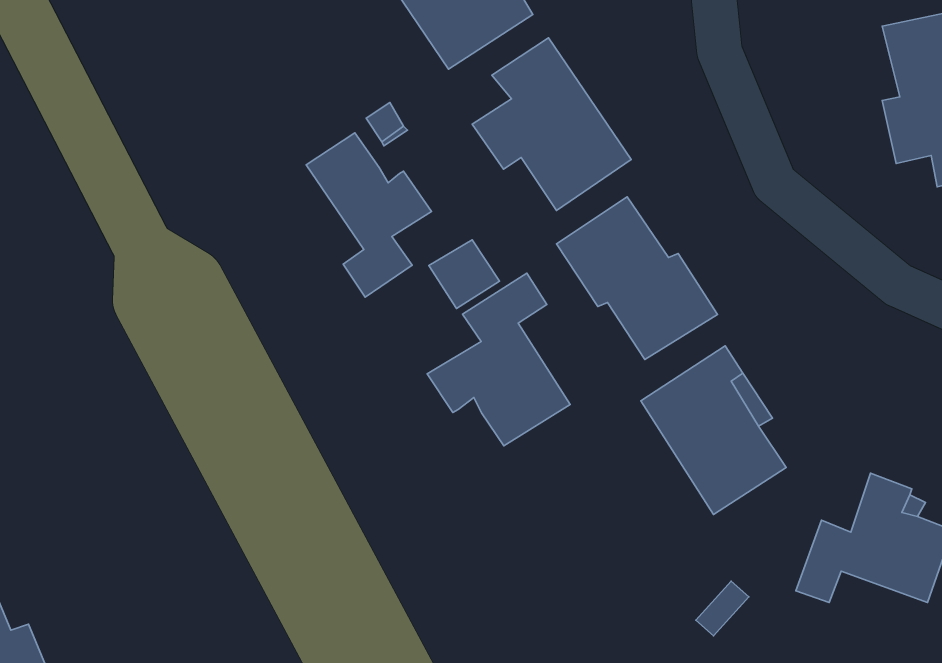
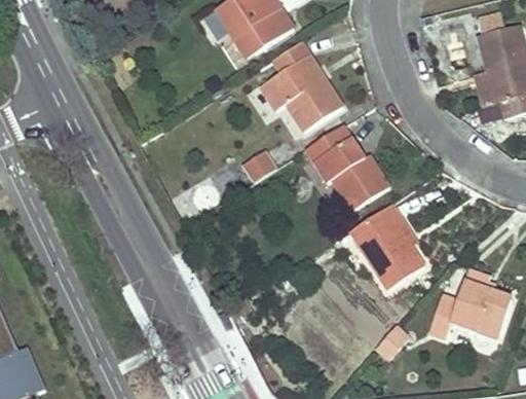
building: [306,133,432,297] -> none
building: [427,273,570,446] -> none

